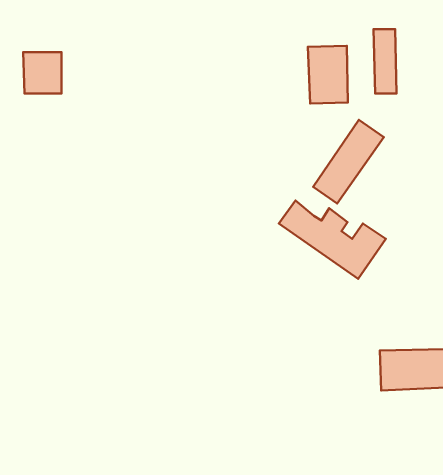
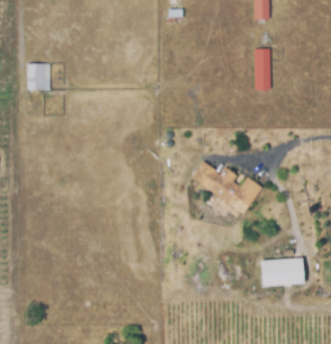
building: [308,46,348,103] -> none
building: [313,120,384,204] -> none

